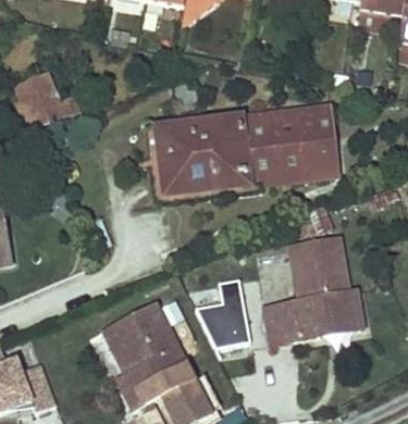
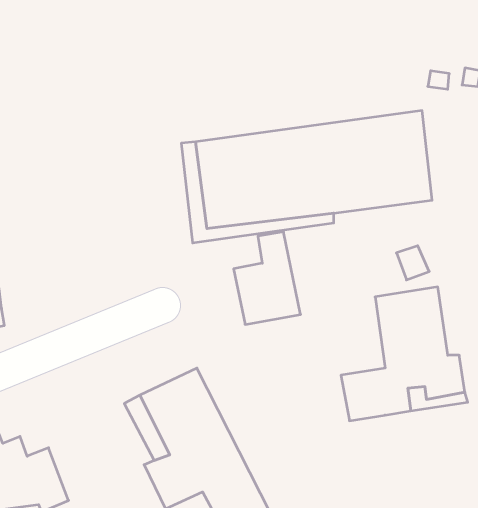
building: [15,70,78,127] -> none
building: [200,279,251,350] -> [234,232,301,324]

